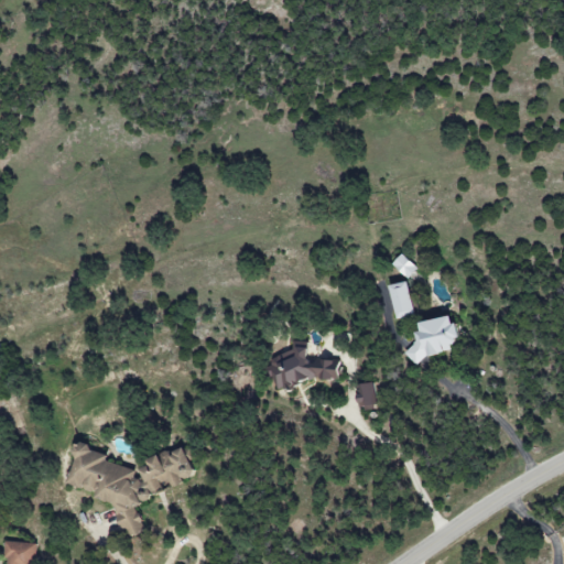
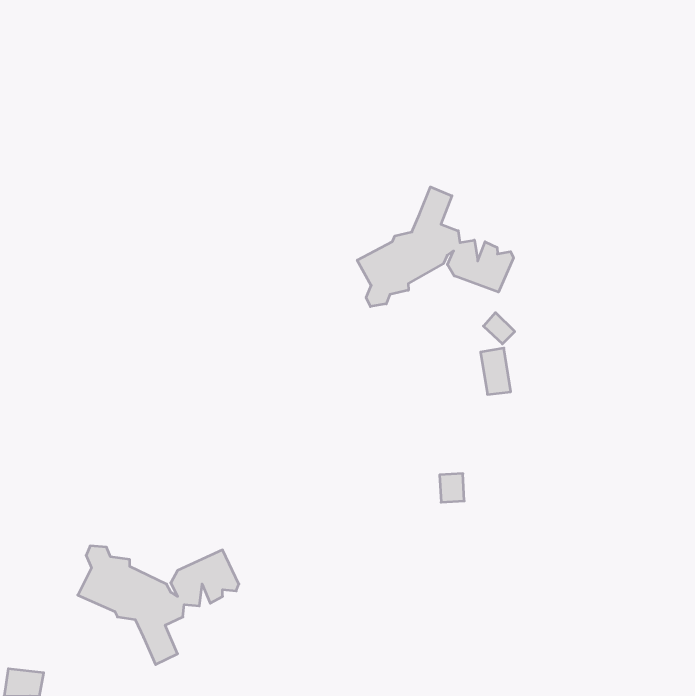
building: none -> [357,187,513,307]
building: [406,314,455,360] -> none
building: [269,339,340,389] -> none

